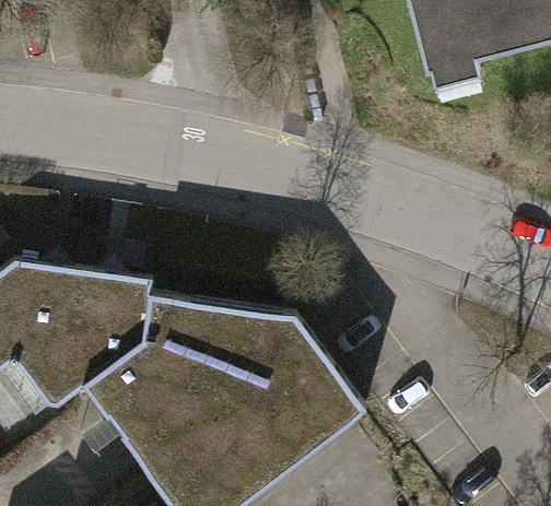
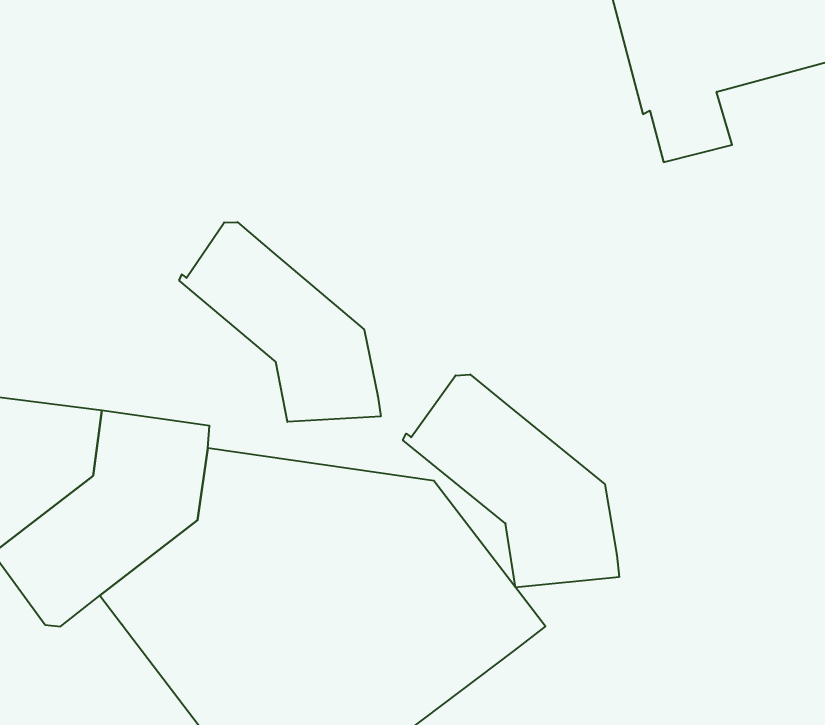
building: none -> [179,222,381,422]
building: none -> [403,374,619,588]

